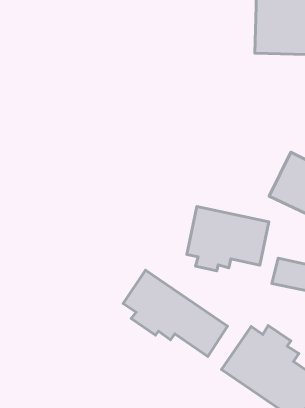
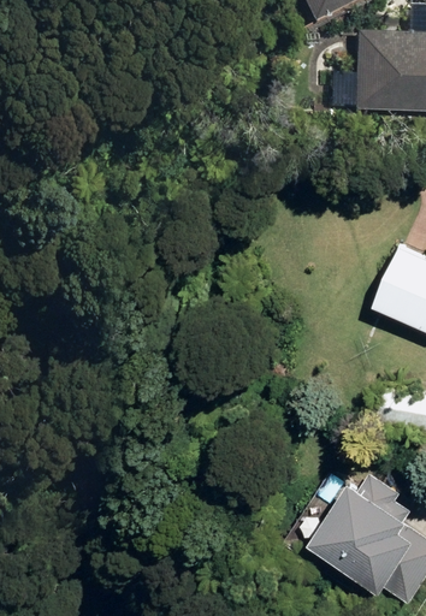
building: [187,206,269,271] -> none
building: [123,270,228,356] -> none

